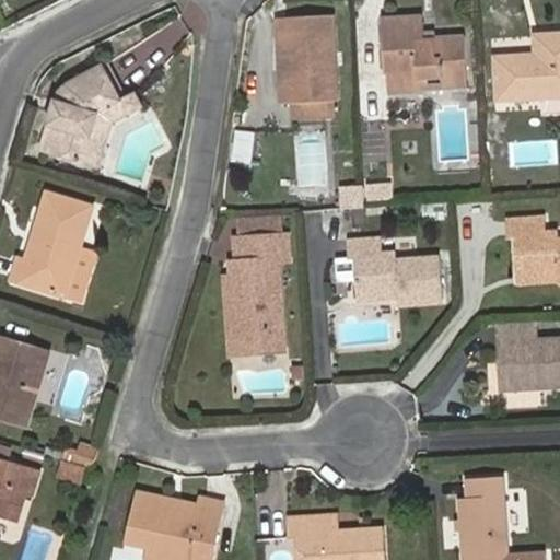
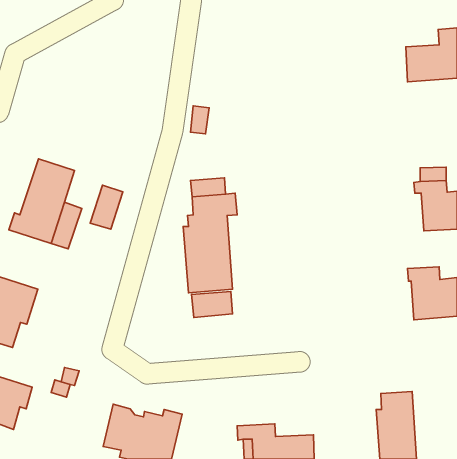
building: [383,15,467,94] -> none
building: [276,16,336,104] -> none
building: [37,63,143,168] -> none
building: none -> [90,185,123,229]
building: [346,238,442,303] -> none
building: none -> [191,291,233,317]

